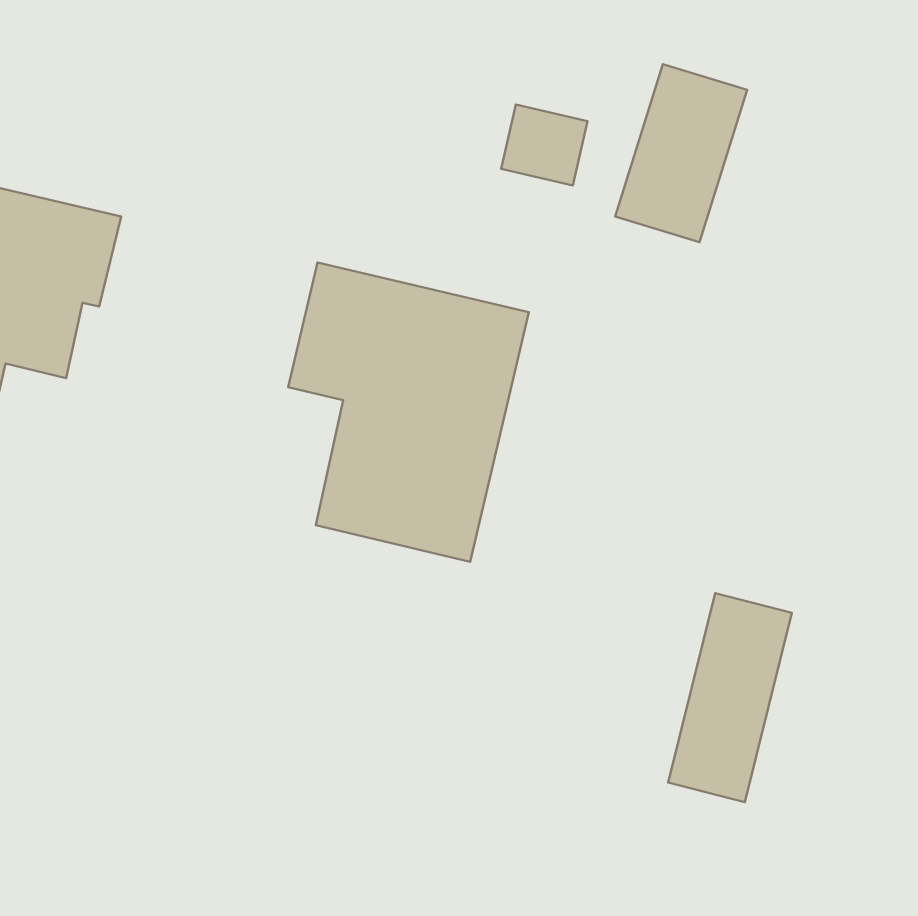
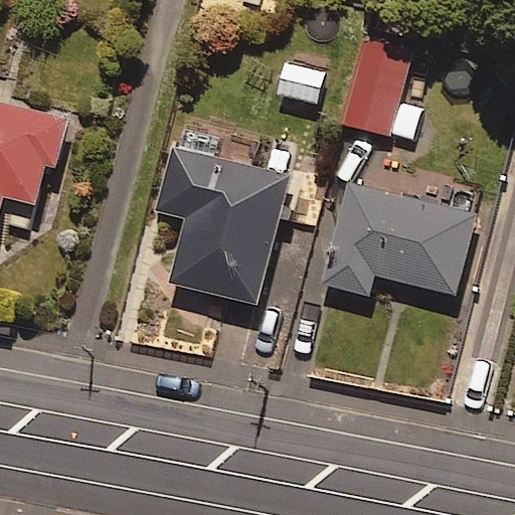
building: none -> [321,183,476,298]
building: [668,593,792,802] -> none

